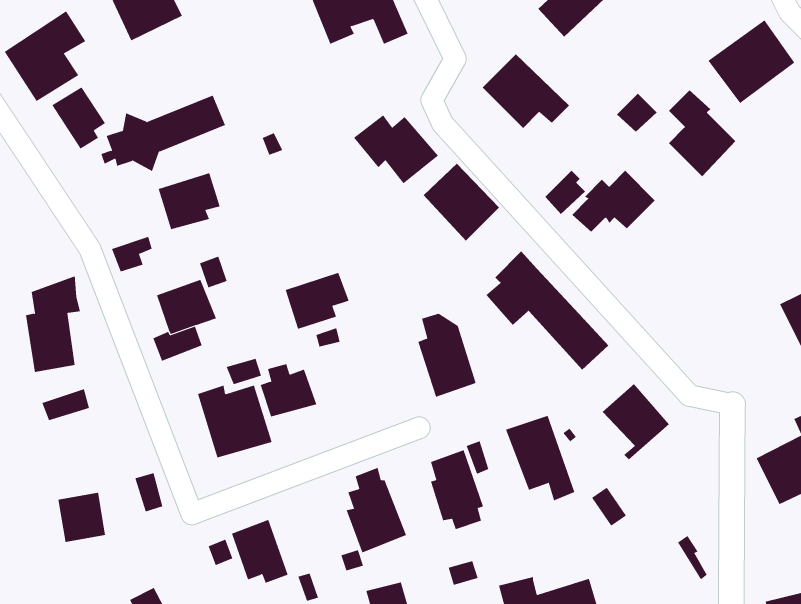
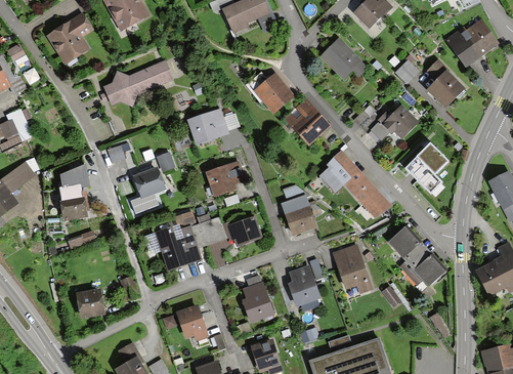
building: [51,86,106,150] -> none
building: [158,173,221,230] -> [189,110,225,142]
building: none -> [407,142,450,192]
building: none -> [225,216,261,244]
building: none -> [403,249,446,286]

